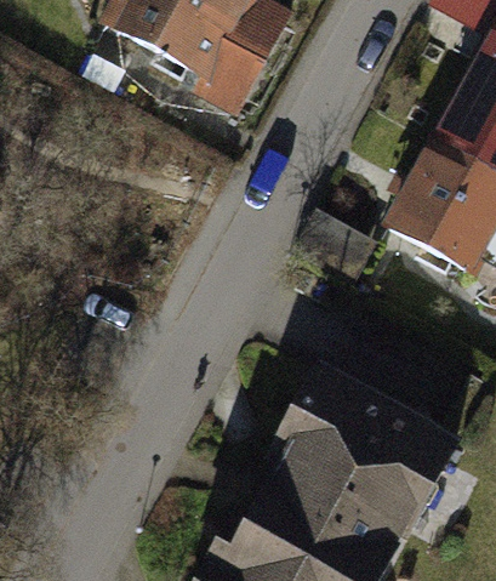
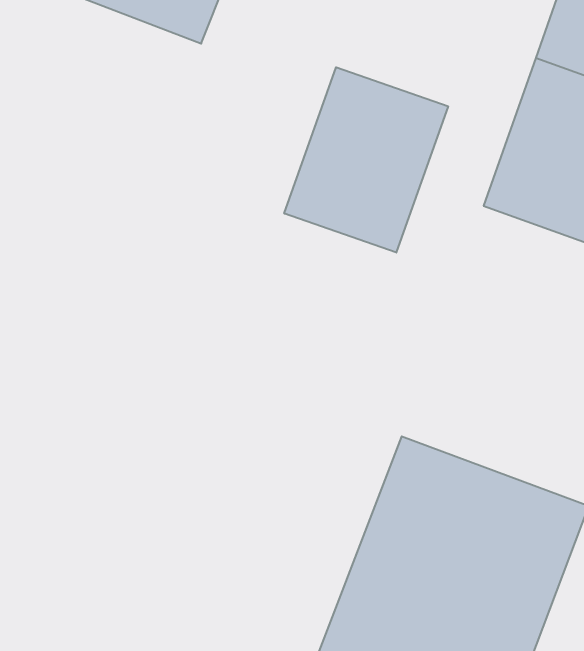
building: none -> [284,67,448,253]

